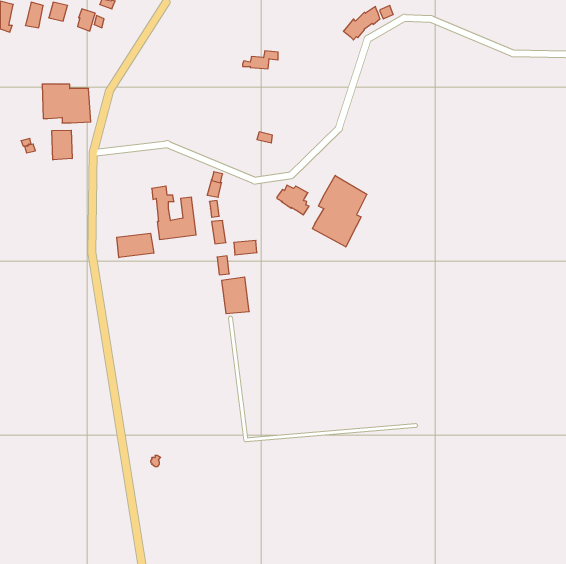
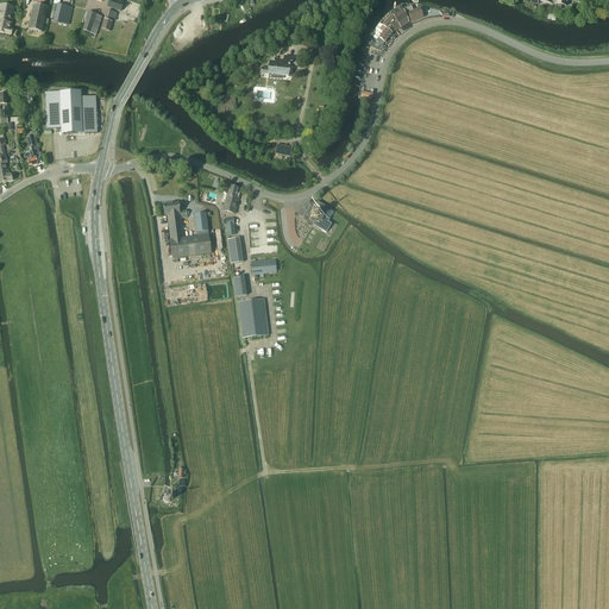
building: [52,130,72,160] -> none
building: [312,175,367,247] -> none
building: [117,233,154,258] -> none

